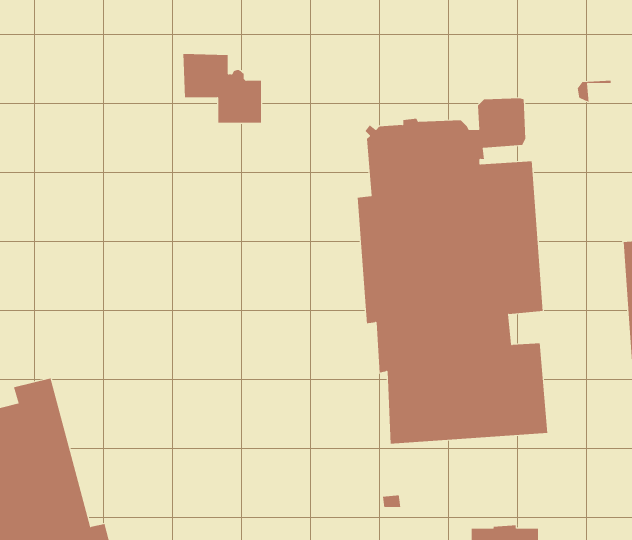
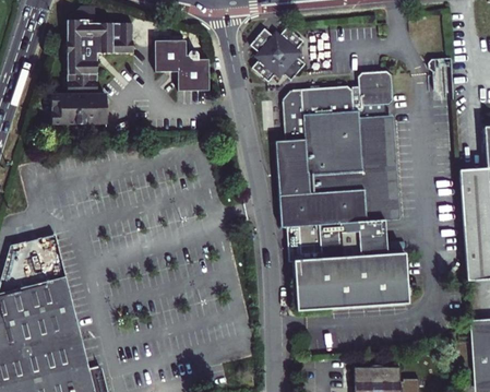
building: none -> [50,20,132,127]
building: none -> [250,27,306,83]

